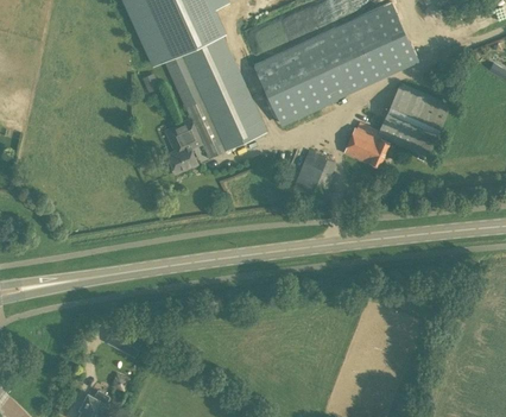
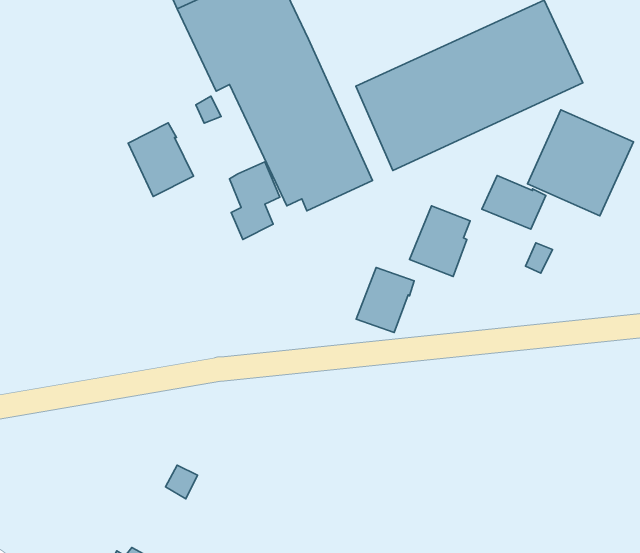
building: none -> [128,123,193,196]
building: none -> [356,267,414,333]

